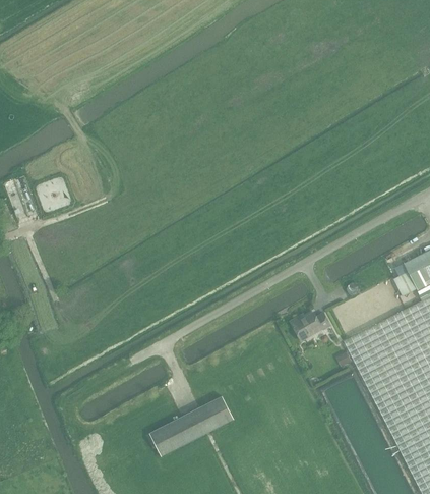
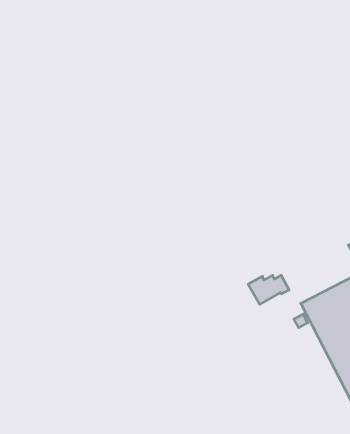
building: [149,396,234,457] -> none

